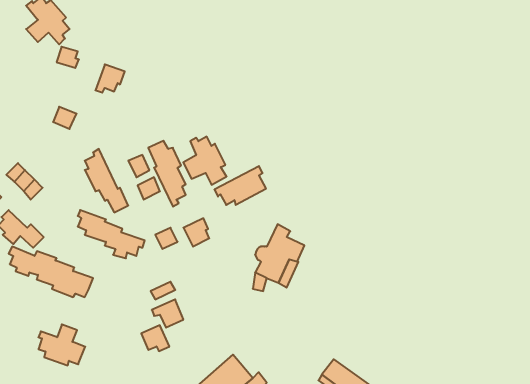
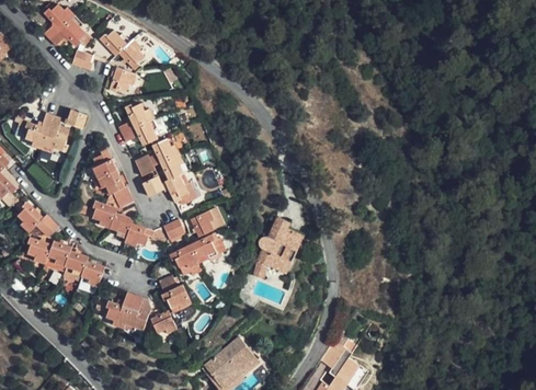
building: none -> [99,30,145,69]
building: none -> [27,111,69,150]
building: [183,137,227,185] -> [122,100,162,145]
building: [214,166,266,205] -> [170,233,218,269]
building: [38,324,85,365] -> [105,292,149,331]

